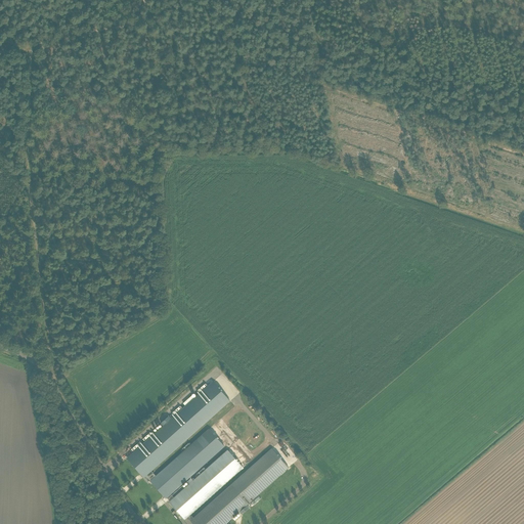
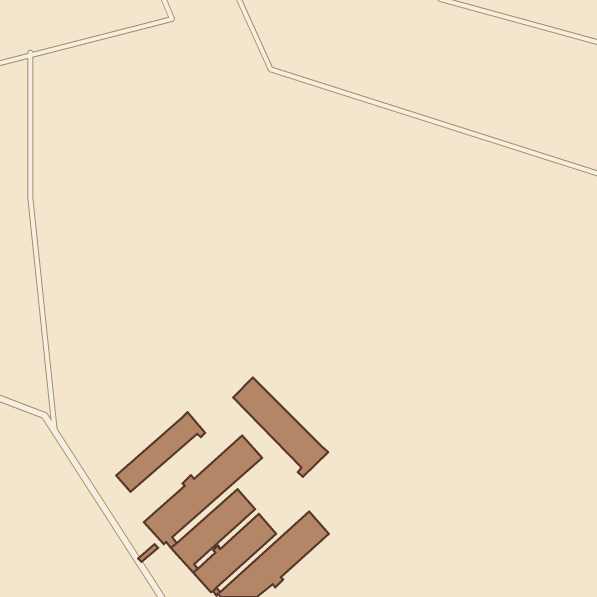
building: none -> [233,378,328,477]
building: none -> [116,412,205,492]

